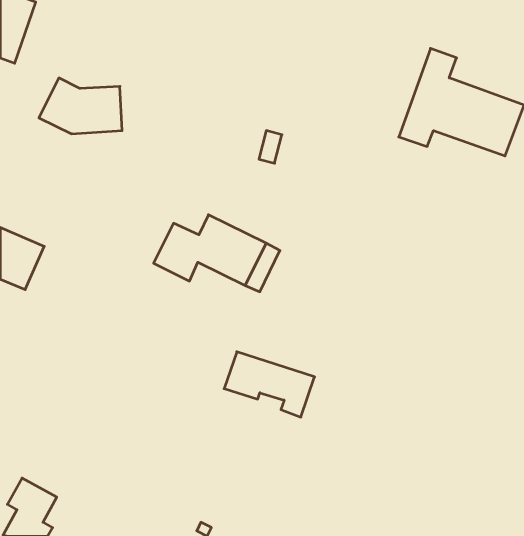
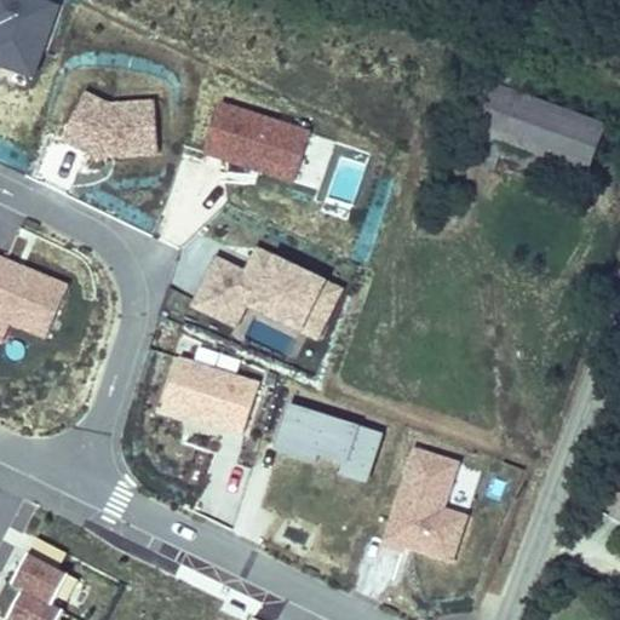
building: none -> [203,102,309,179]
building: none -> [160,355,257,432]
building: none -> [380,448,463,559]

